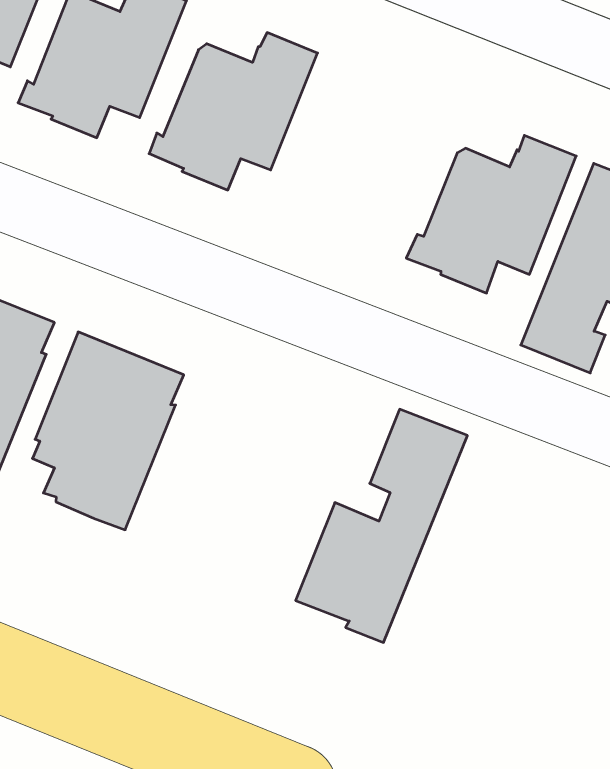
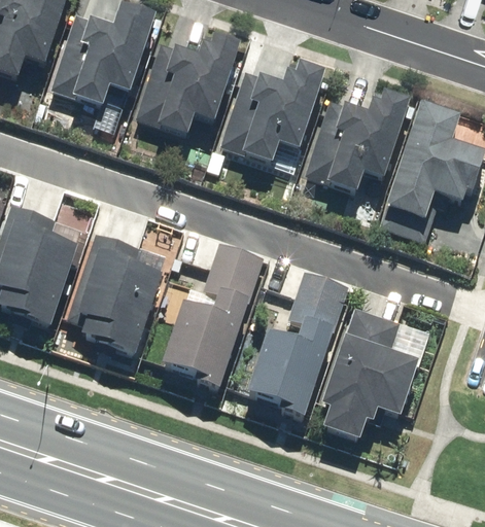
building: none -> [219,60,324,163]
building: none -> [161,241,265,388]
building: none -> [319,305,418,438]

